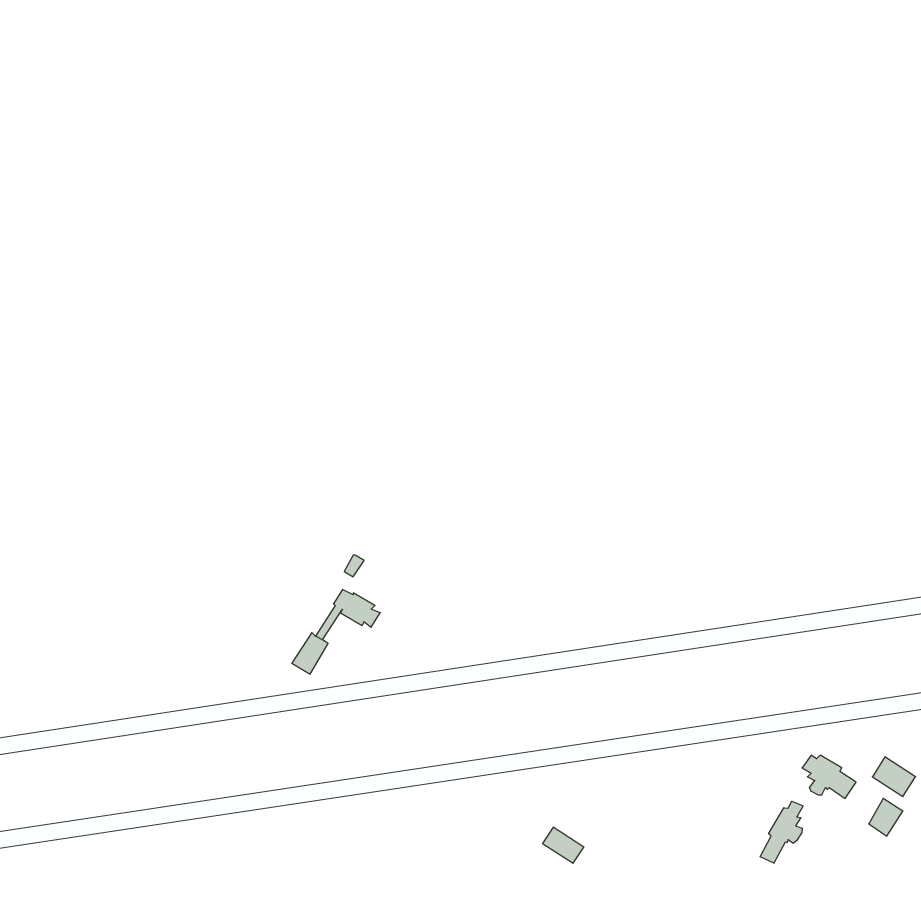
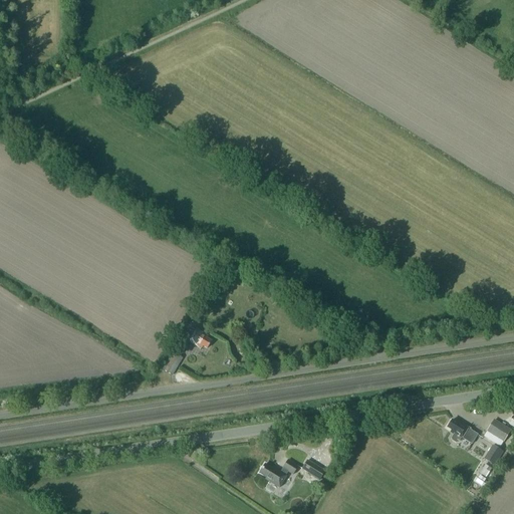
building: [760,801,803,863] -> none
building: none -> [259,461,298,489]

